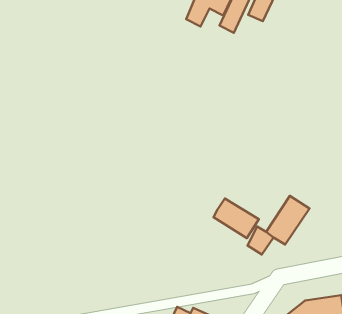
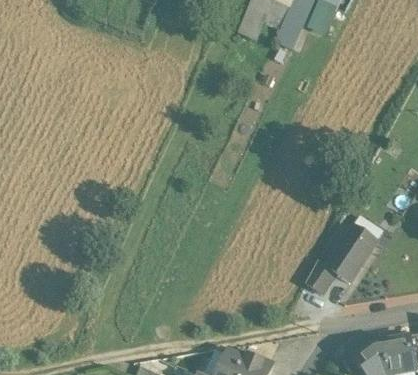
building: [213,199,259,238] -> none

